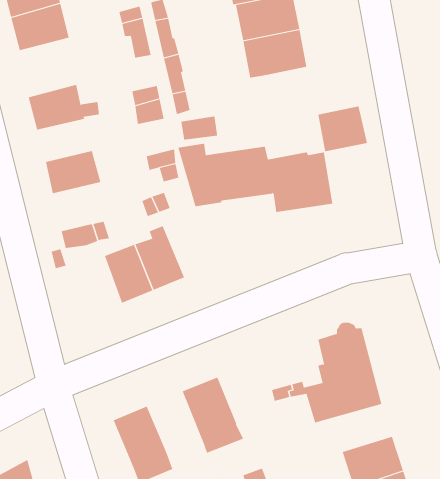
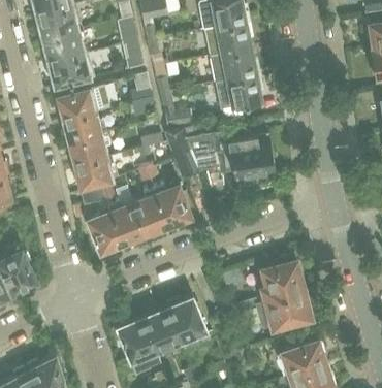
building: none -> [50,55,93,89]
building: [317,106,368,152] -> [226,75,262,108]
building: none -> [62,112,102,143]
building: none -> [73,158,115,190]
building: none -> [153,185,191,226]
building: none -> [87,206,123,253]
building: none -> [141,308,182,352]

